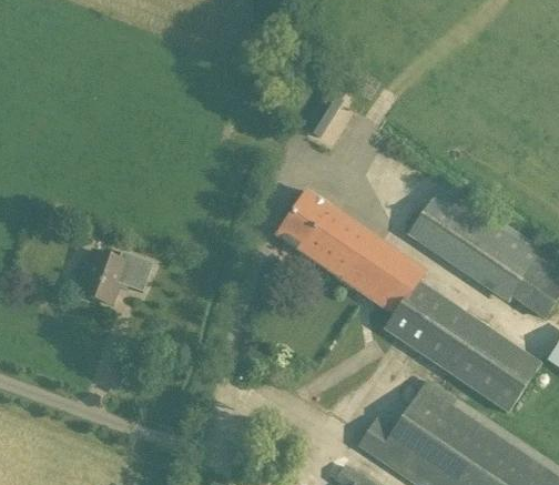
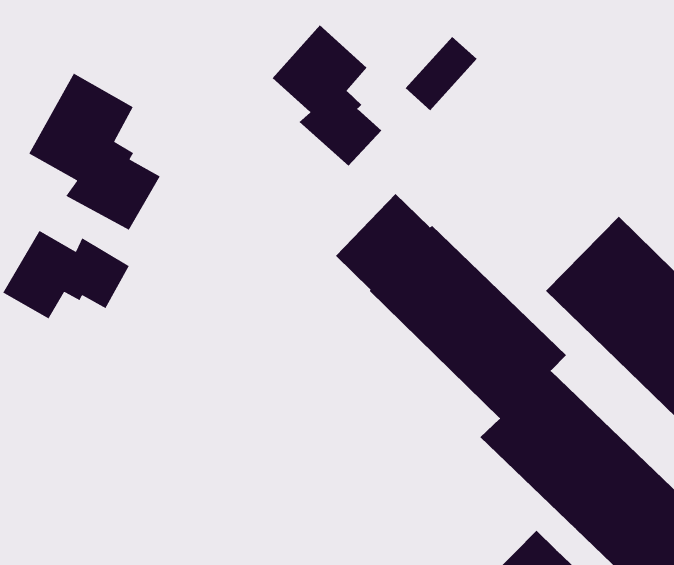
building: none -> [272,24,382,166]
building: none -> [28,72,161,231]

